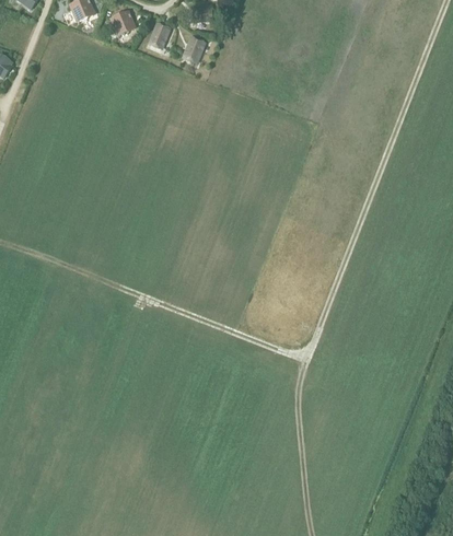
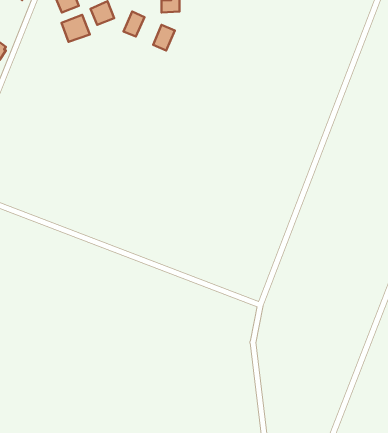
building: none -> [62,15,90,42]

